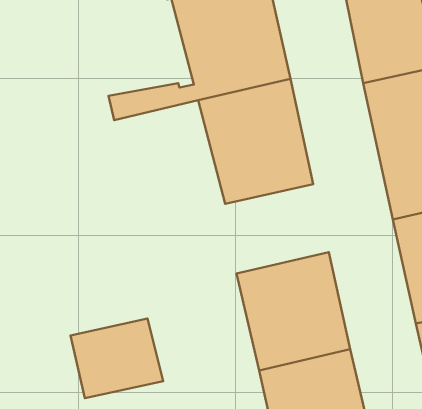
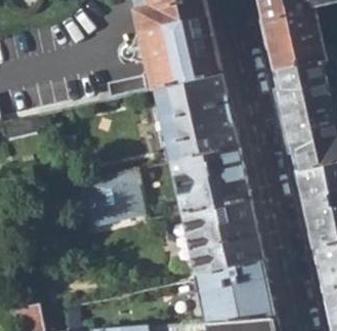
building: none -> [170,147,248,211]
building: [71,319,163,398] -> [80,168,146,225]

